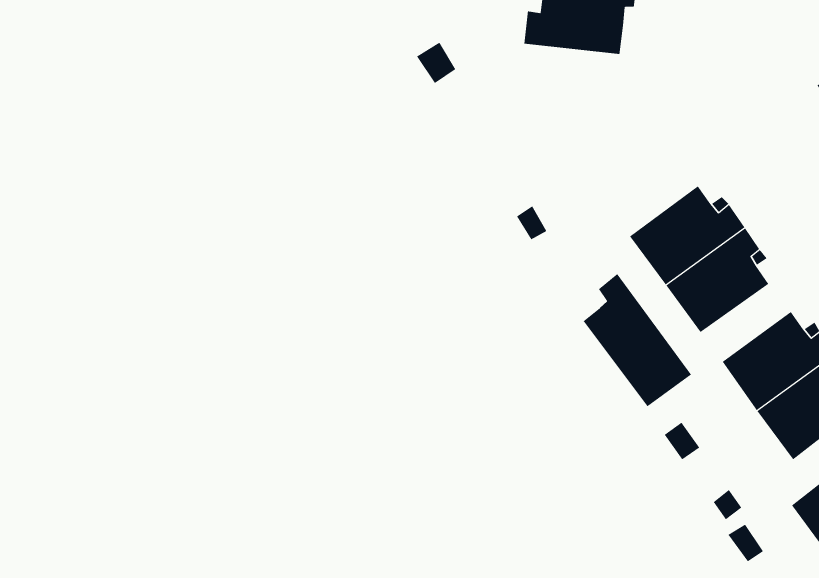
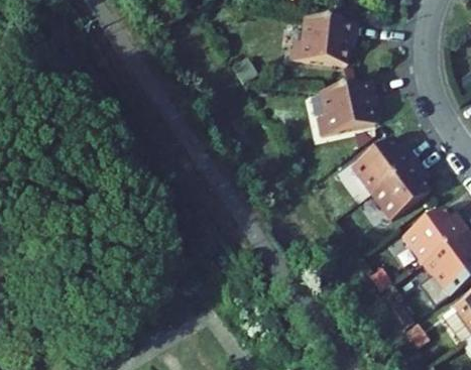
building: none -> [318,81,374,134]
building: [583,273,692,407] -> none

